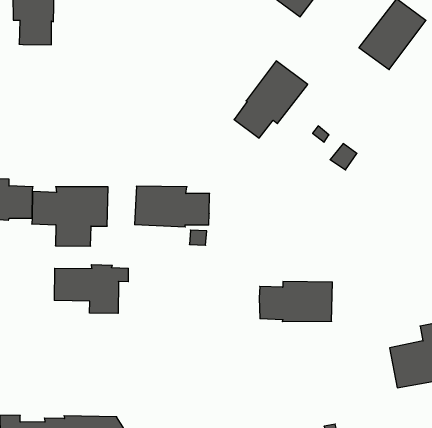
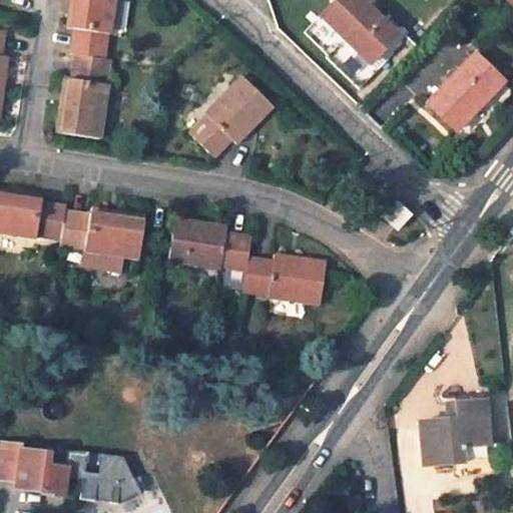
building: none -> [58,54,108,138]
building: [234,61,308,138] -> [191,76,274,155]
building: [54,265,128,313] -> none
building: [259,282,332,322] -> [245,254,327,303]

